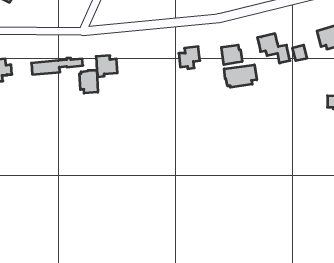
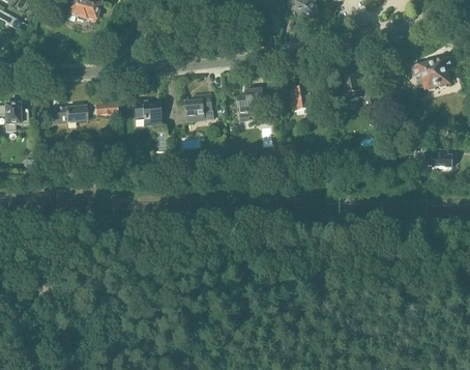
building: none -> [186,92,213,118]
building: [224,65,257,87] -> none
building: [80,70,98,93] -> none

